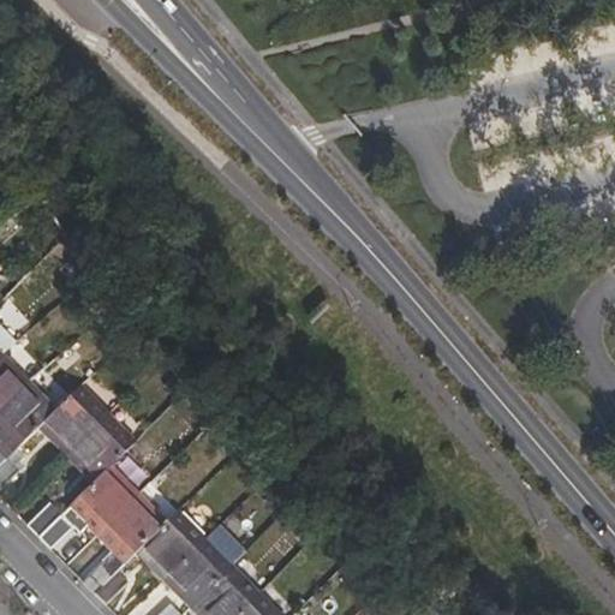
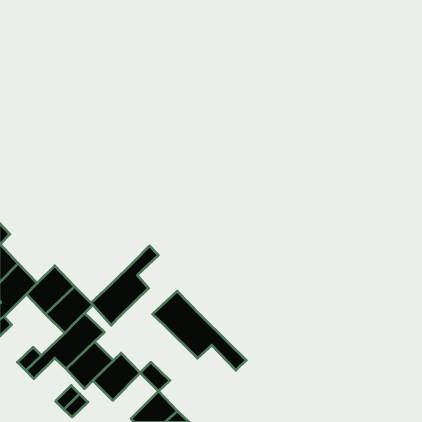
building: none -> [91,246,158,325]
building: none -> [153,291,246,370]
building: [163,539,229,605] -> none

